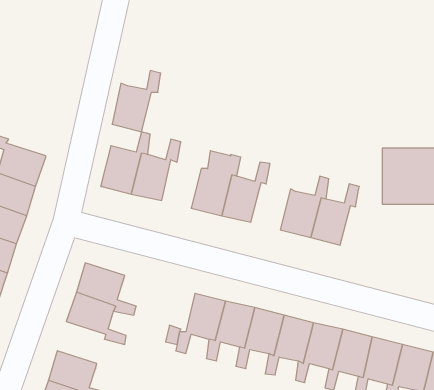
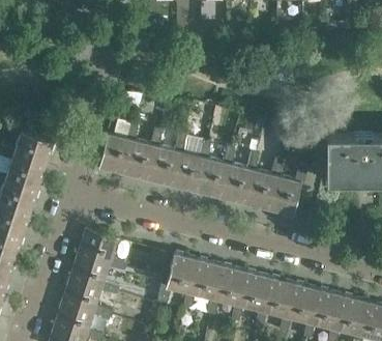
building: [112,71,161,132] -> [147,135,186,184]
building: none -> [219,152,259,202]
building: none -> [62,277,111,318]

